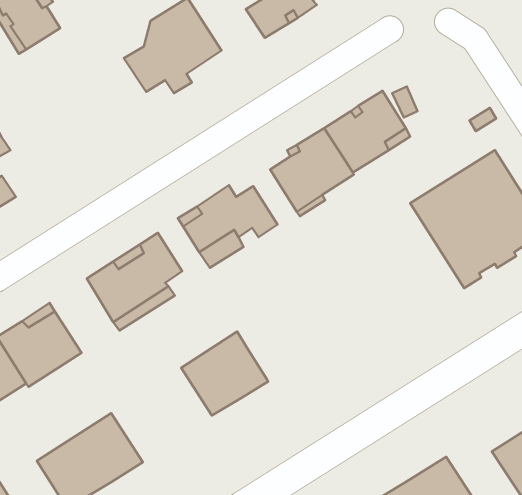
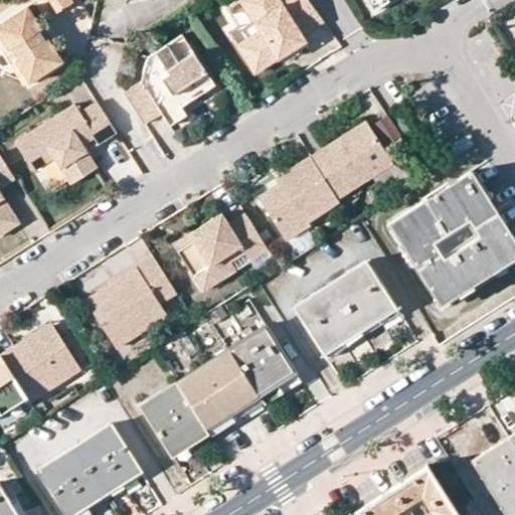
building: none -> [14,101,116,184]
building: none -> [296,265,398,357]
building: none -> [228,328,292,395]
building: none -> [142,384,204,453]

